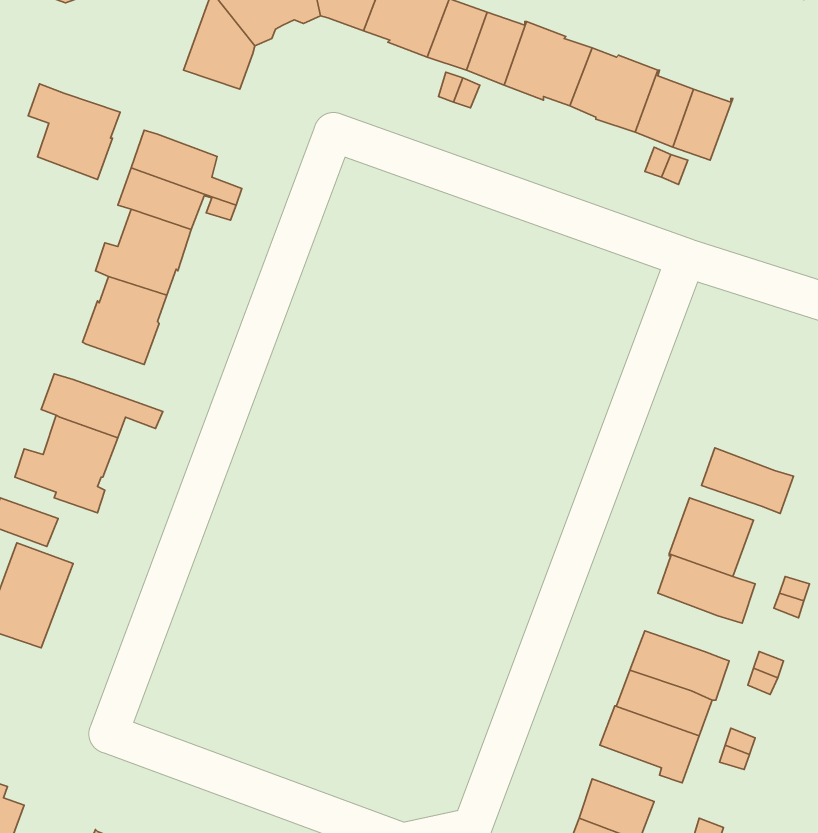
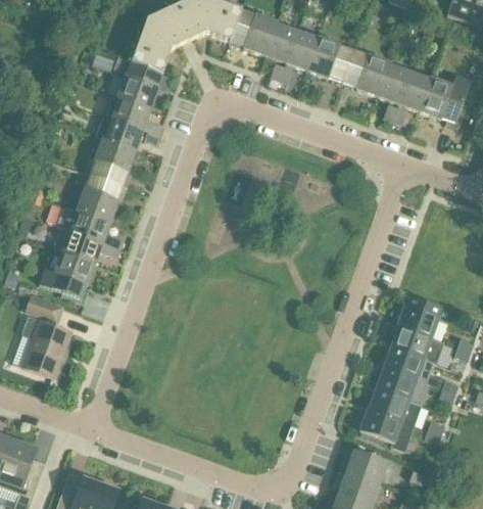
building: [28,84,120,179] -> [112,56,162,108]
building: none -> [419,75,471,128]
building: none -> [57,205,124,247]
building: [702,448,793,514] -> [383,346,433,382]

